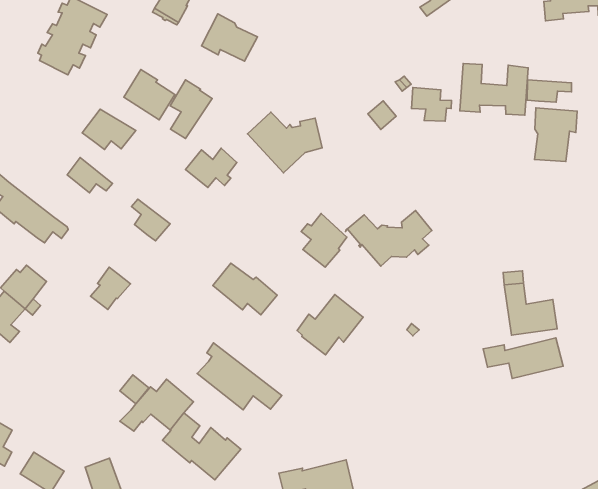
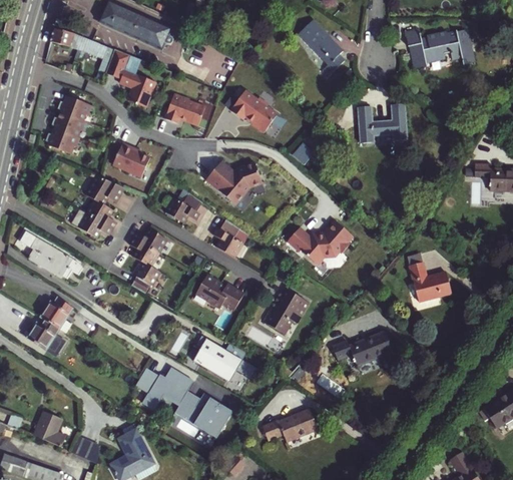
building: none -> [228,90,276,131]
building: [527,80,571,102] -> none
building: [170,80,212,139] -> none
building: [411,88,451,121] -> none
building: [535,108,577,162] -> none
building: none -> [86,199,115,228]
building: none -> [132,228,166,253]
building: [301,213,347,267] -> [212,218,246,258]
building: [90,267,130,309] -> [131,263,159,294]
building: [483,338,563,379] -> [333,331,393,365]

